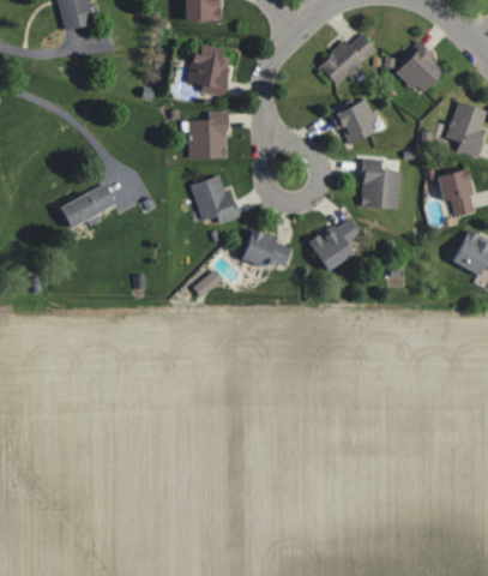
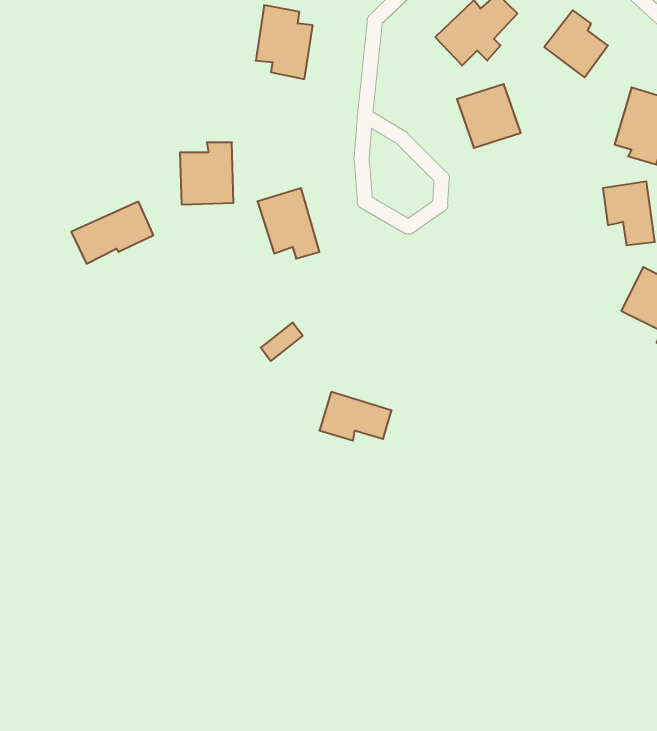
building: [189,113,228,157] -> [180,142,234,204]
building: [361,162,400,209] -> none
building: [308,216,361,272] -> none
building: [240,232,291,266] -> [319,392,392,441]

